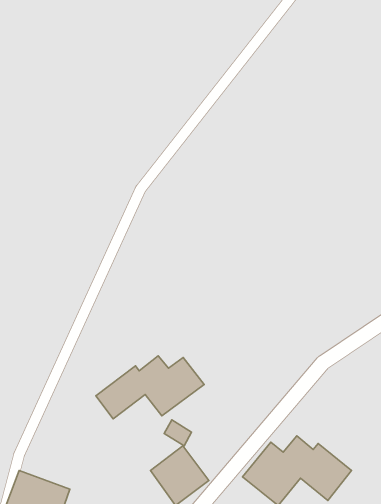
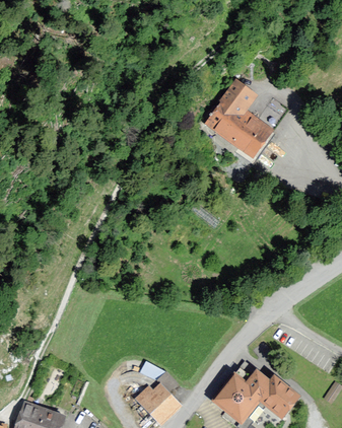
building: none -> [202,79,271,158]
building: [96,356,204,419] -> none

